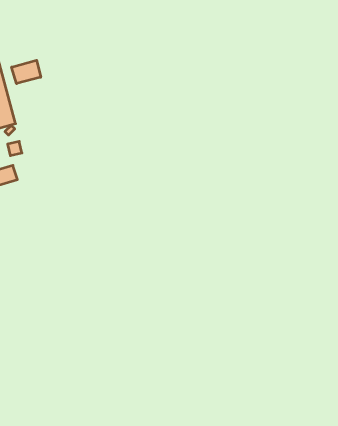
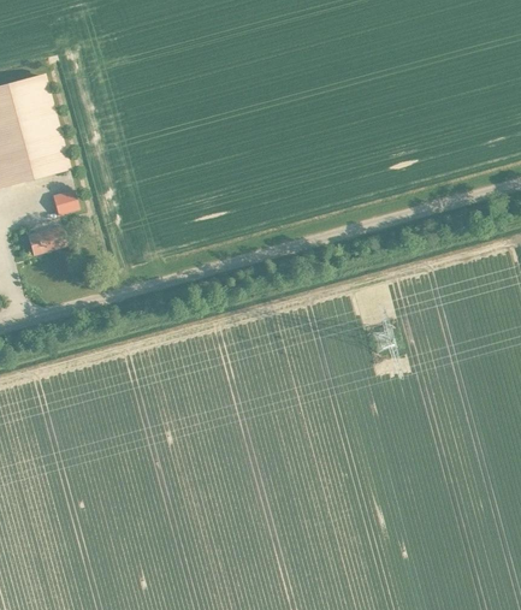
building: [12,60,41,84] -> none

